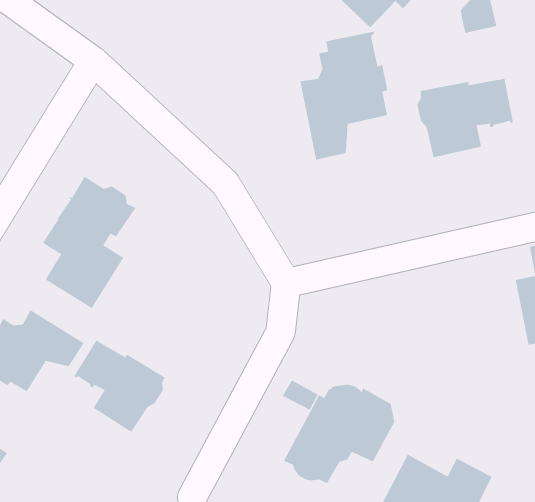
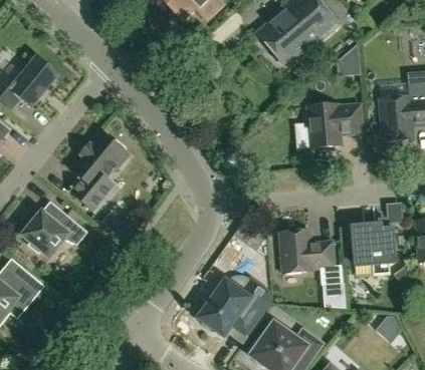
building: [300,31,388,160] -> none
building: none -> [278,229,342,285]
building: [74,340,165,433] -> none

